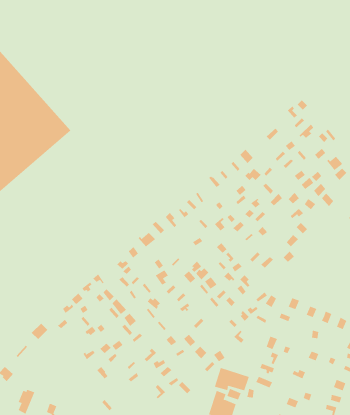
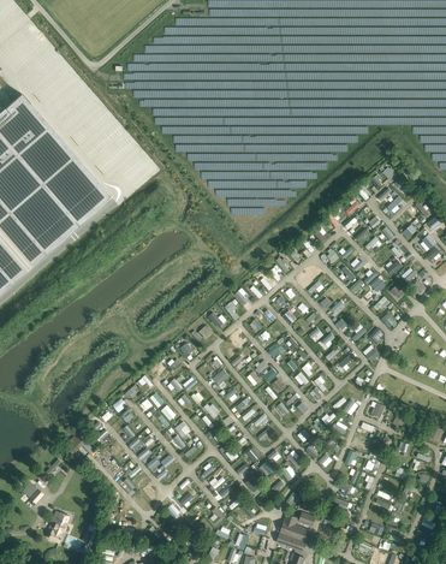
building: [214,367,249,391] -> none

